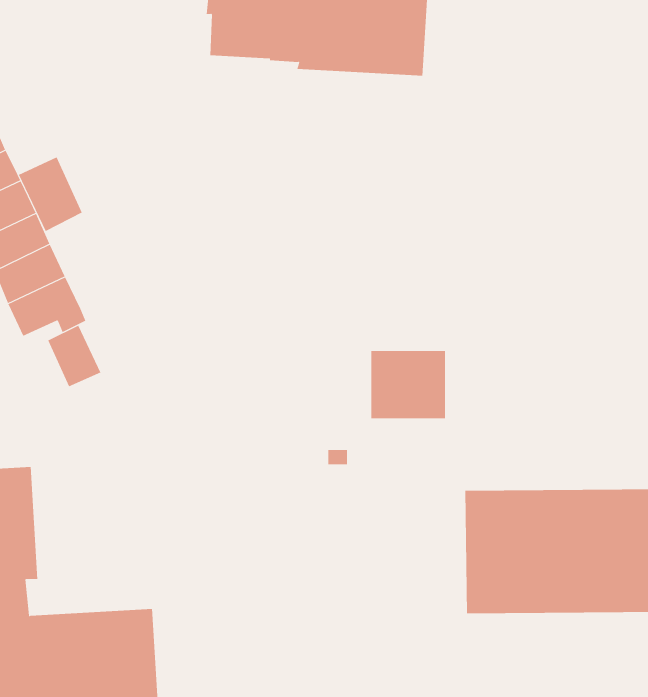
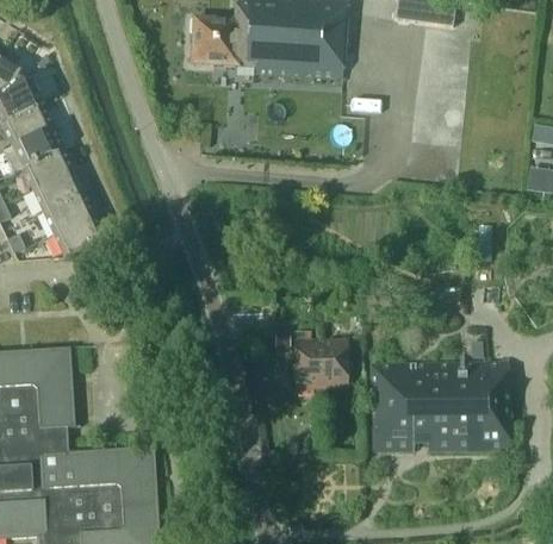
building: [18,156,82,232] -> none
building: [48,325,101,387] -> none
building: [371,350,446,419] -> [294,340,347,388]

